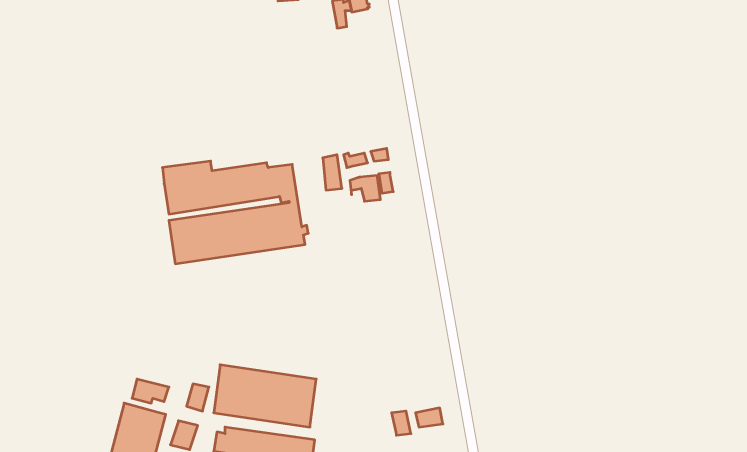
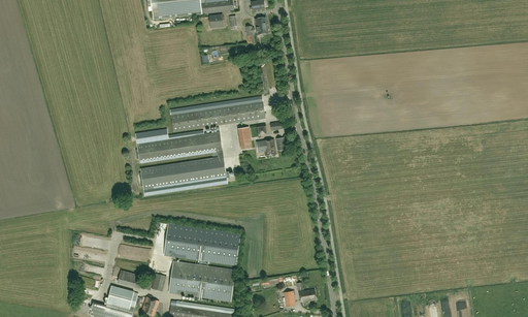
building: none -> [169,96,264,131]
building: none -> [163,223,239,264]

